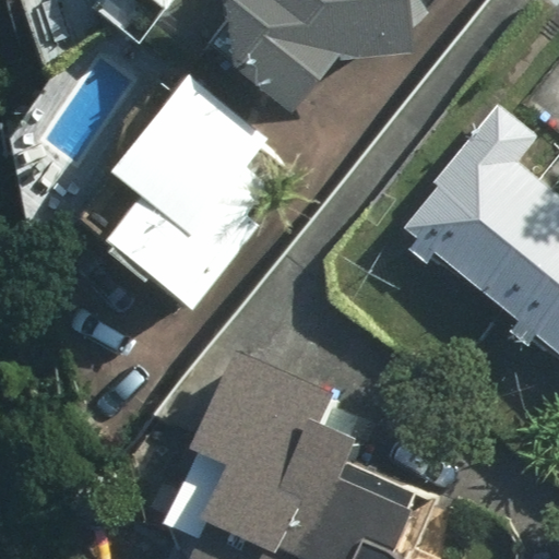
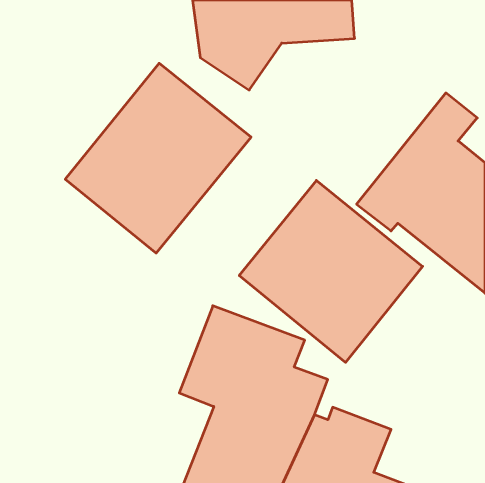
building: none -> [239,180,423,362]

